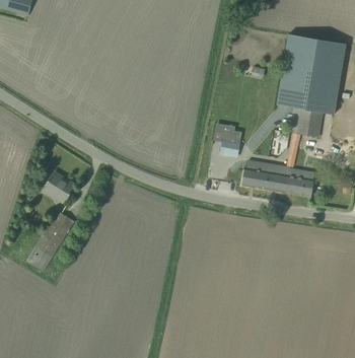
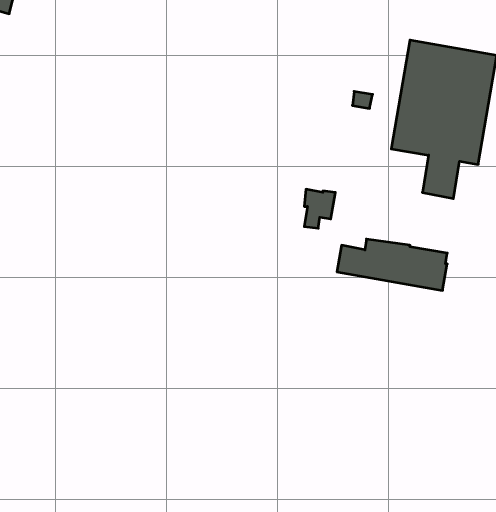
building: [42,171,75,203] -> none
building: [26,212,73,271] -> none

